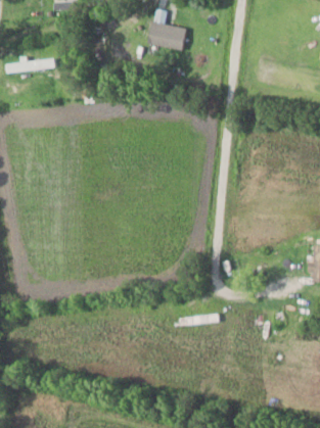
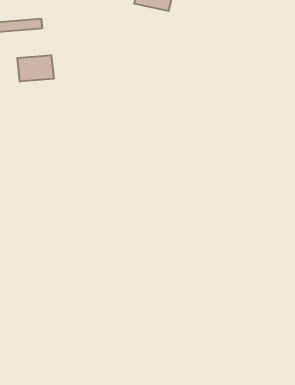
building: none -> [17,55,54,82]

